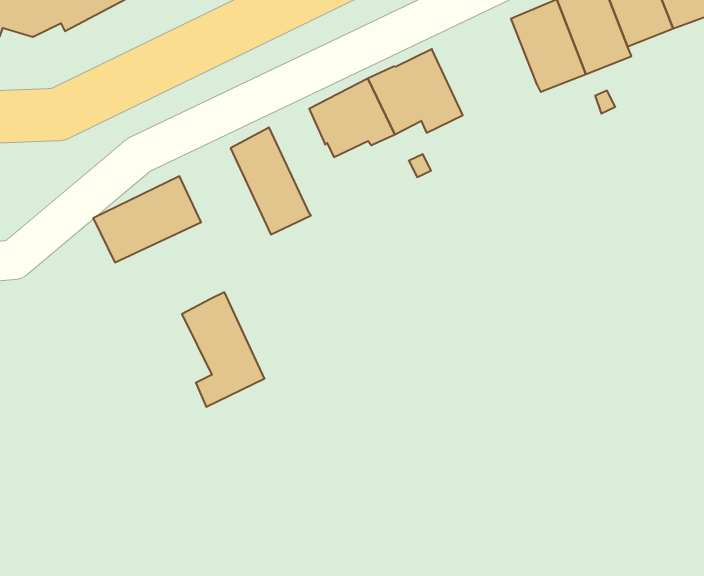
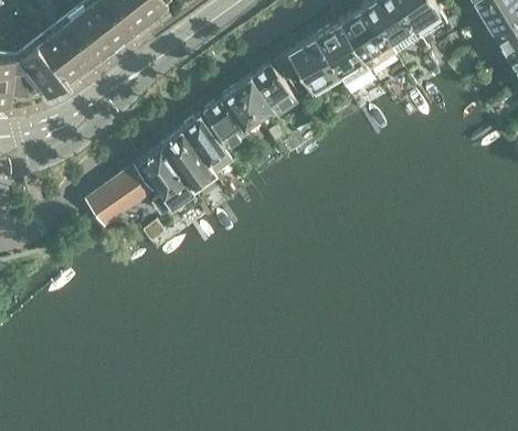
building: none -> [274,39,336,93]
building: none -> [180,117,232,177]
building: [182,292,265,407] -> [136,147,192,217]

